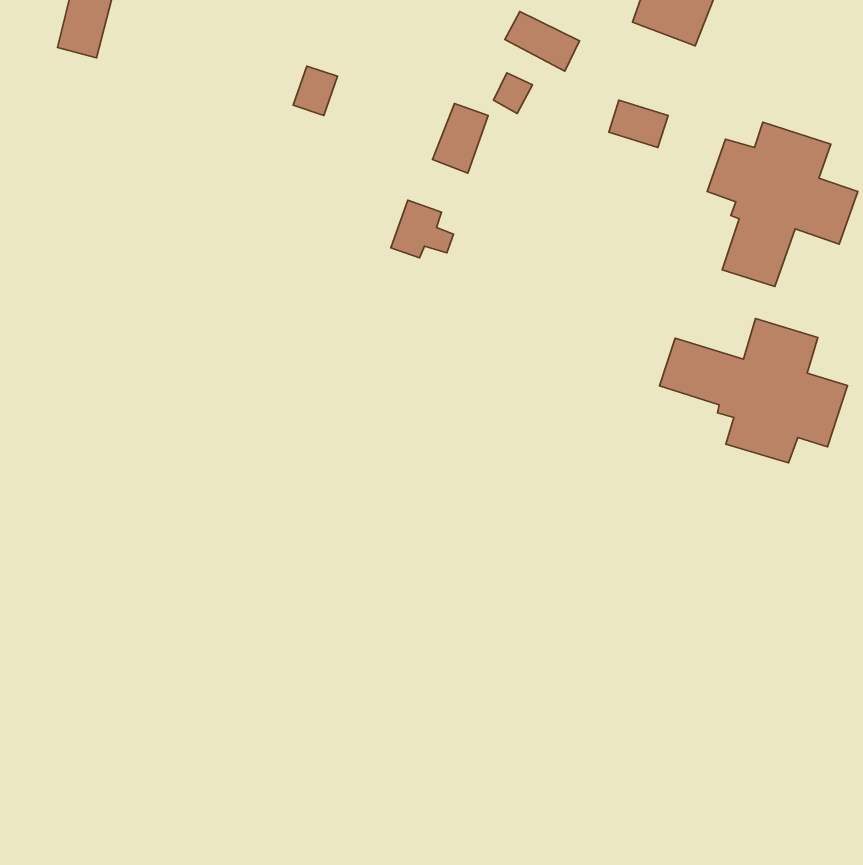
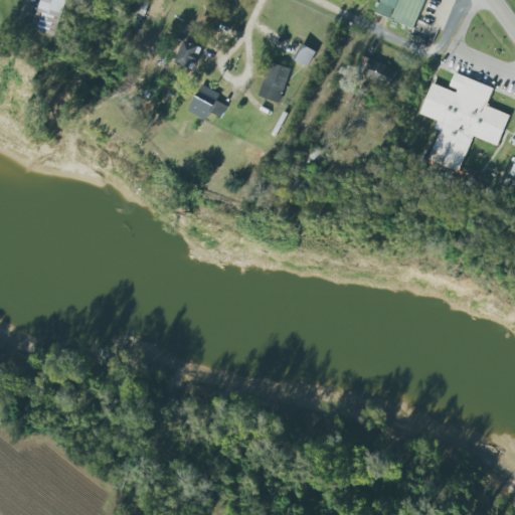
building: [505,12,580,71] -> none
building: [391,200,453,258] -> [188,84,225,119]
building: [660,319,847,463] -> none

